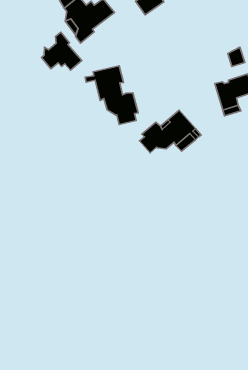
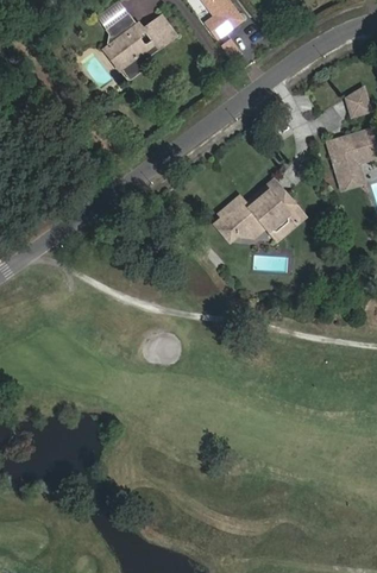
building: [42,32,82,70] -> none
building: [85,66,138,124] -> none

